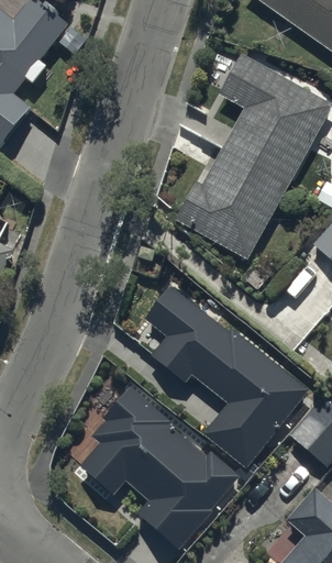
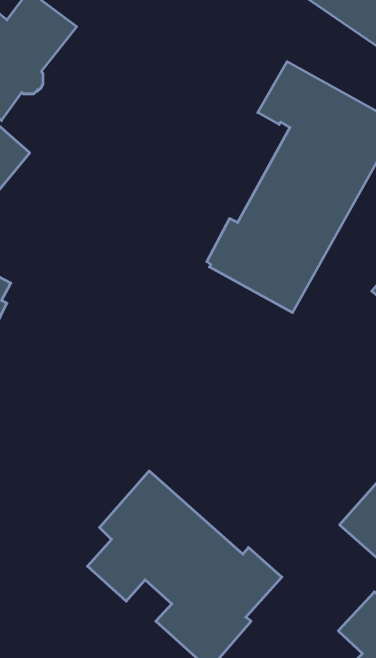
building: [143,284,309,467] -> none

